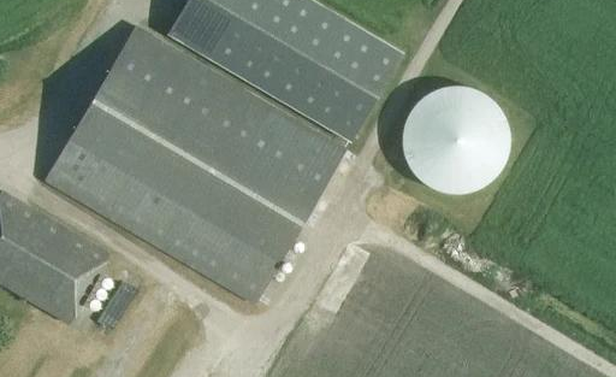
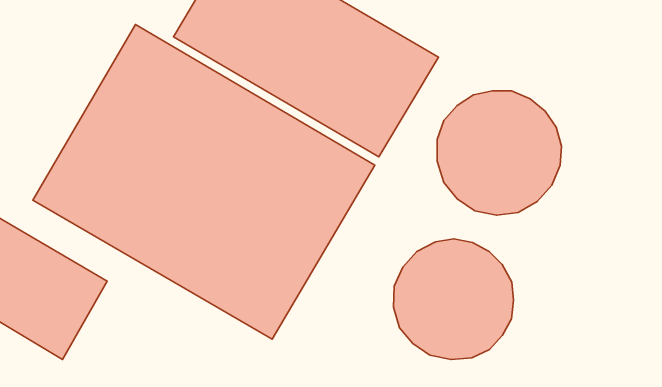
building: none -> [394,239,514,360]

